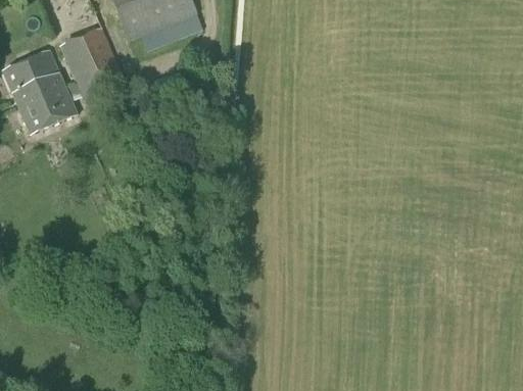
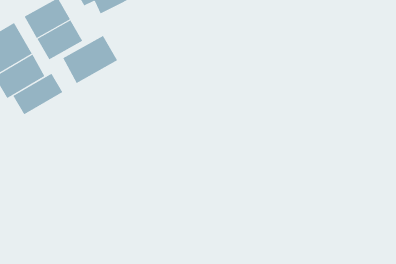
building: none -> [62,35,118,84]
building: none -> [13,73,63,115]

